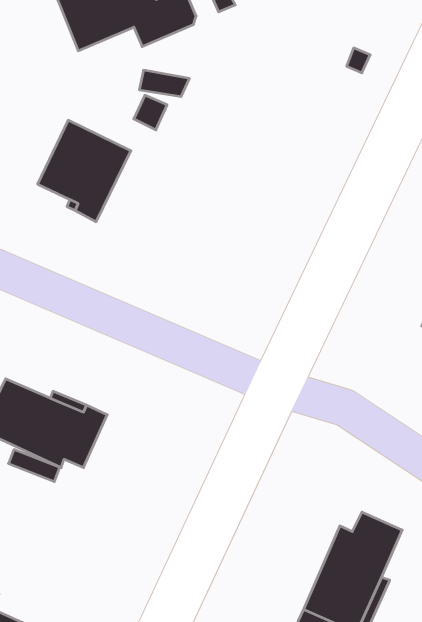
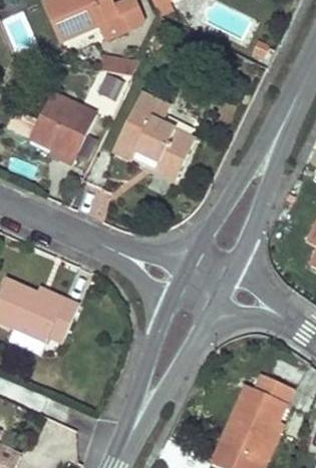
building: none -> [113,91,195,179]

